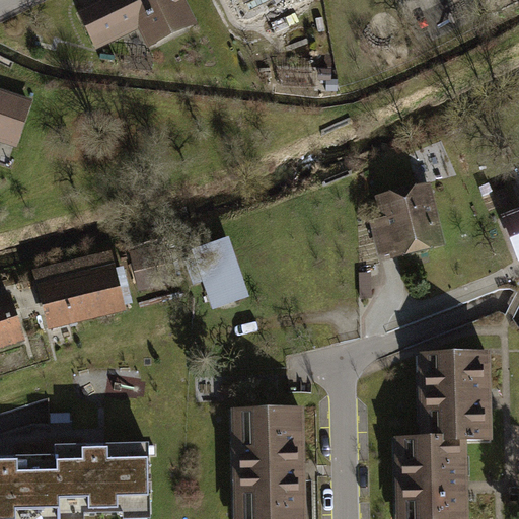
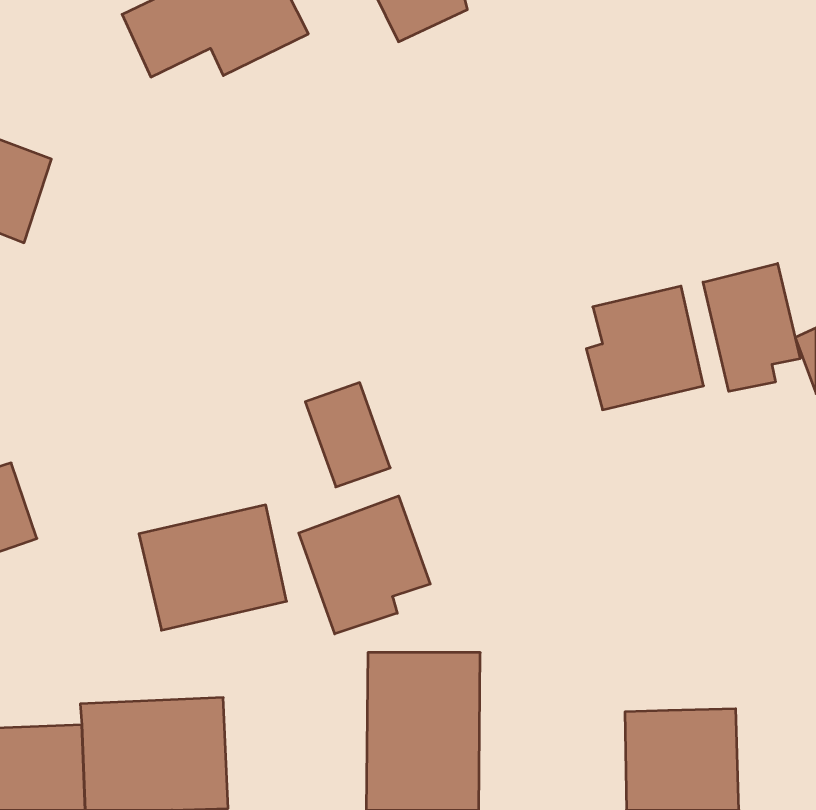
building: none -> [703,263,800,391]
building: [33,249,127,328] -> [139,505,287,630]
building: none -> [299,496,430,634]
building: [419,353,493,448] -> none

